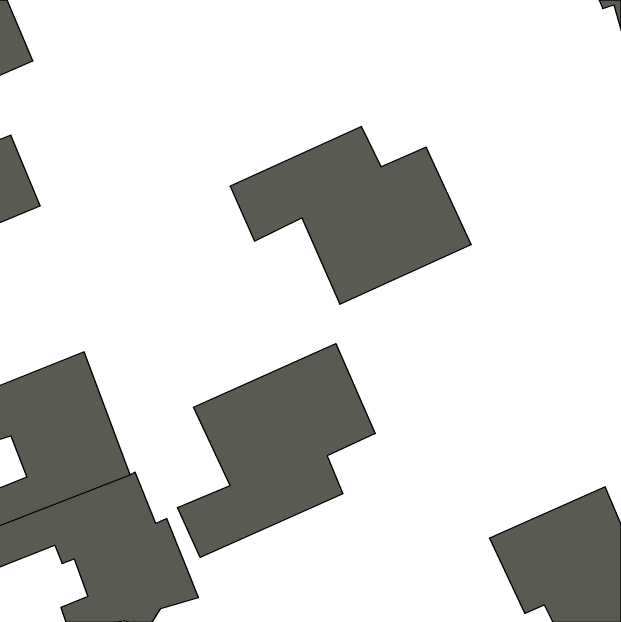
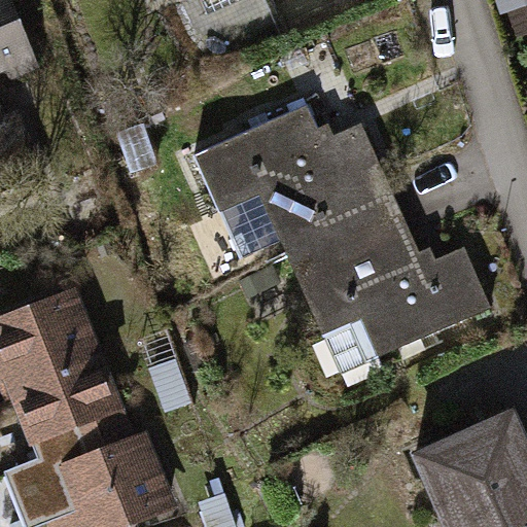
building: none -> [287,207,490,375]
building: [177,344,375,557] -> none

